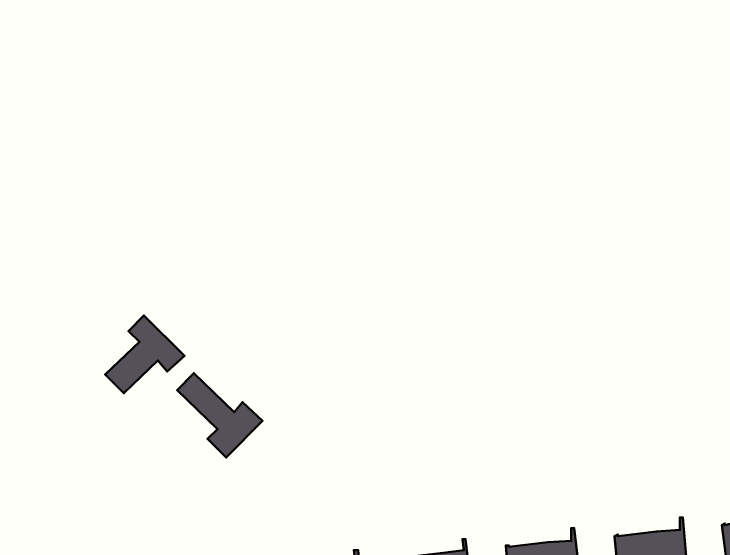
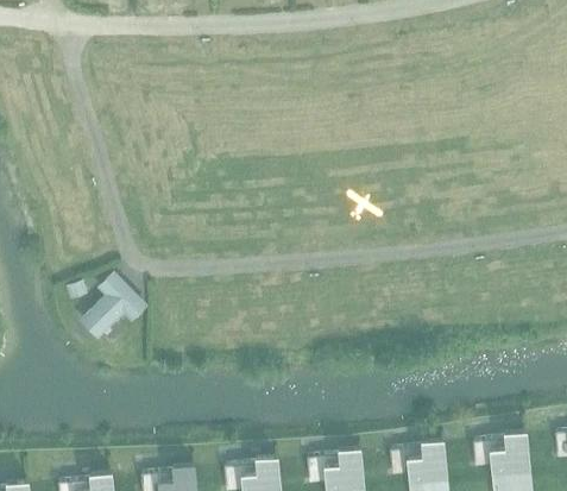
building: [177,373,263,457] -> none

